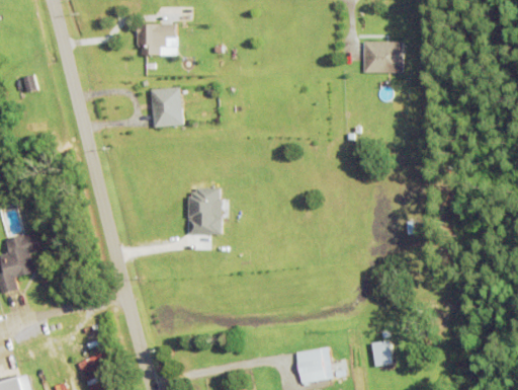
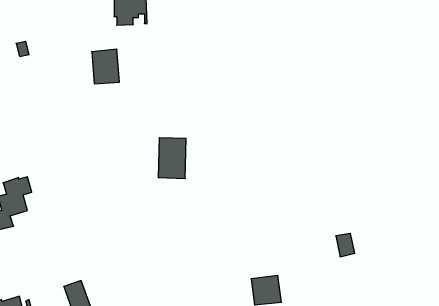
building: [364,42,403,72] -> none
building: [150,86,182,127] -> [92,49,119,84]
building: [370,339,393,367] -> [336,233,355,257]

